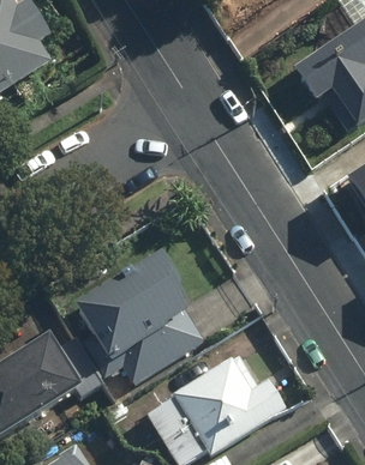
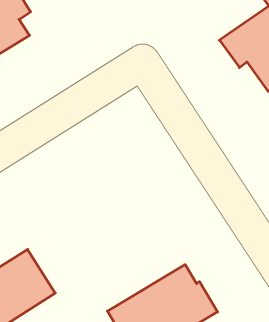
building: [72,252,205,387] -> none

